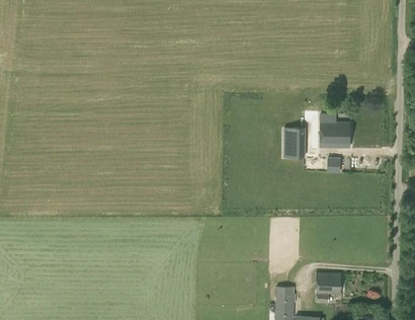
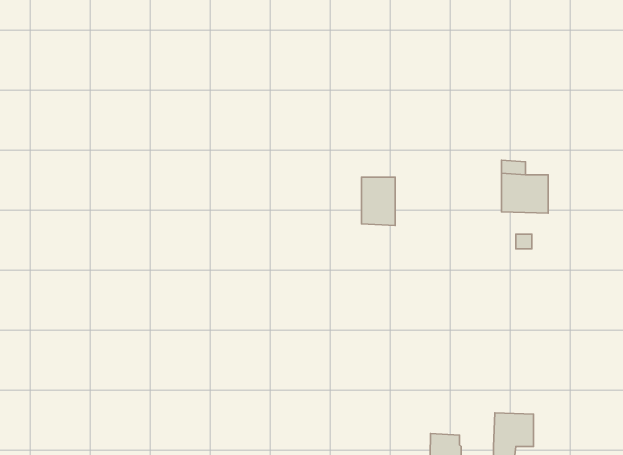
building: [284,128,306,158] -> [361,177,395,225]

